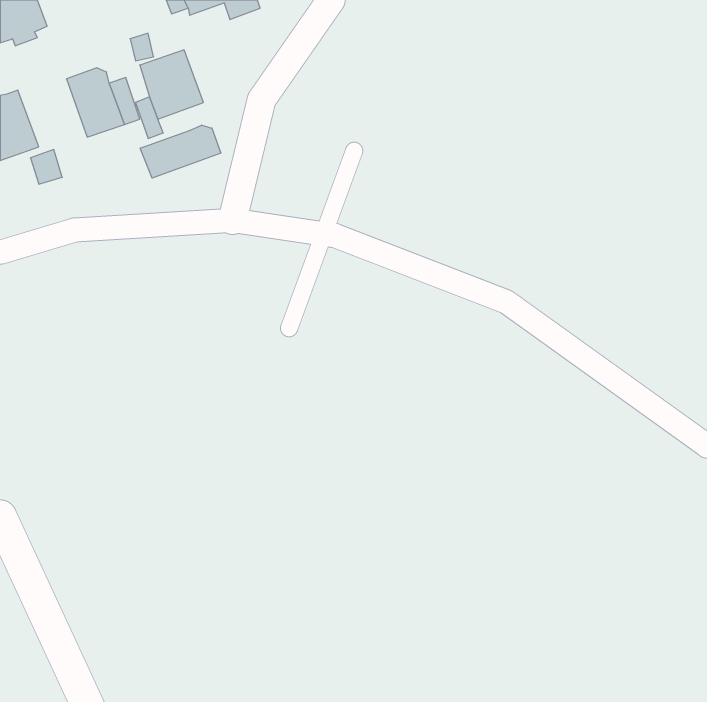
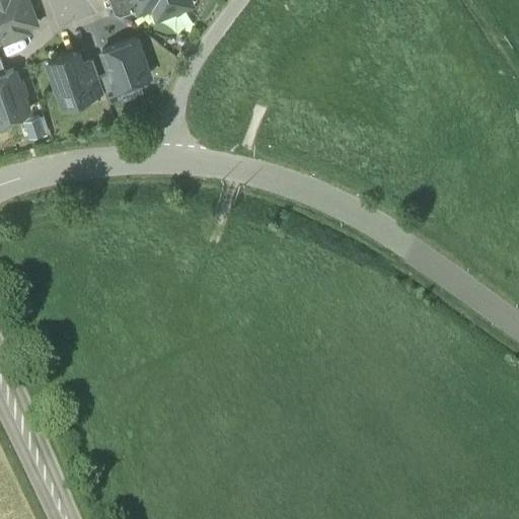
building: [140,125,221,178] -> none

